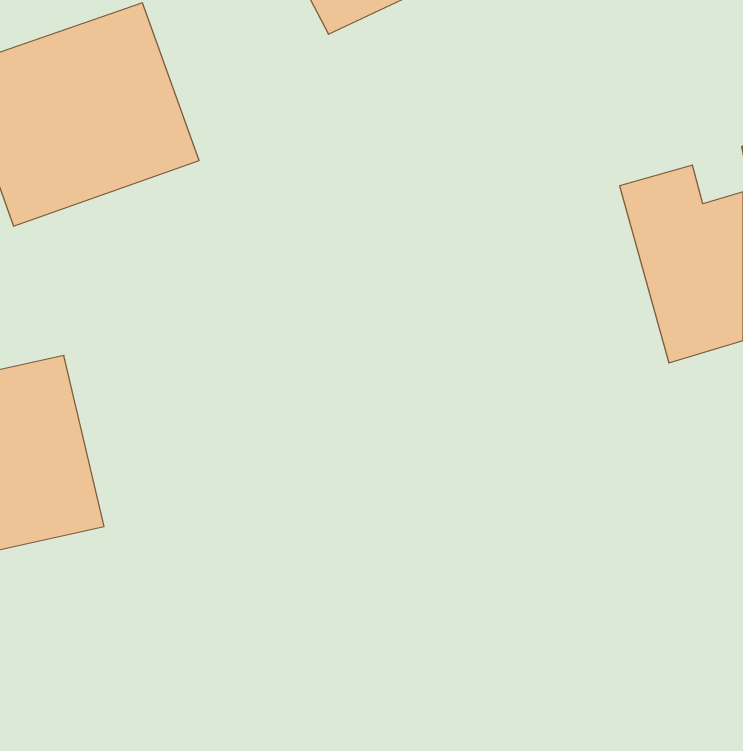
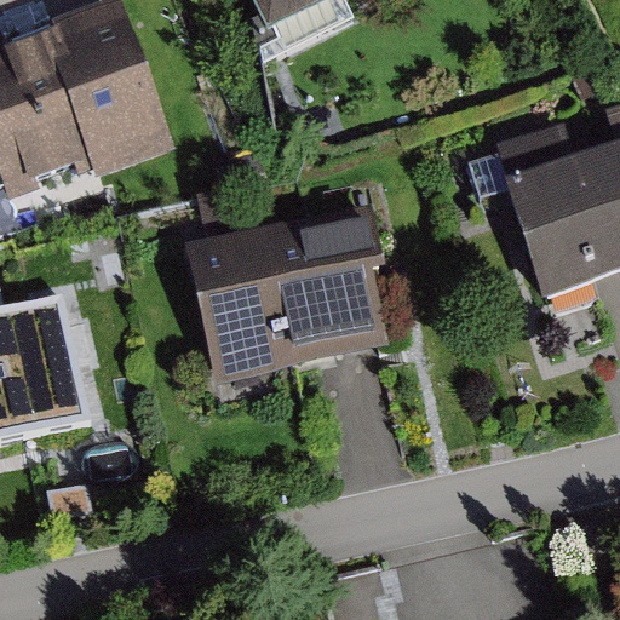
building: none -> [196,213,383,379]

